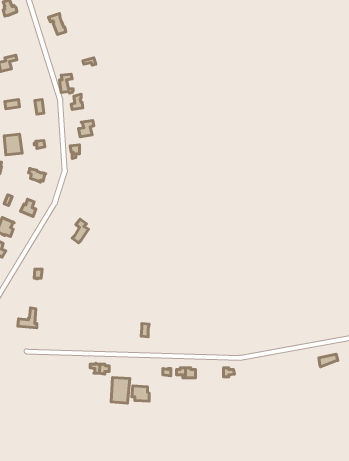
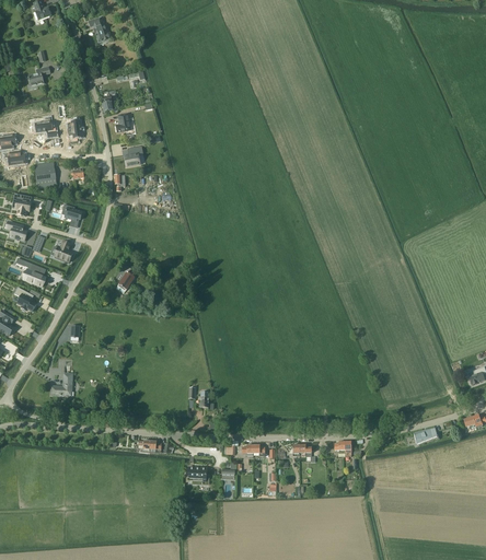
building: [111,377,130,403] -> none

